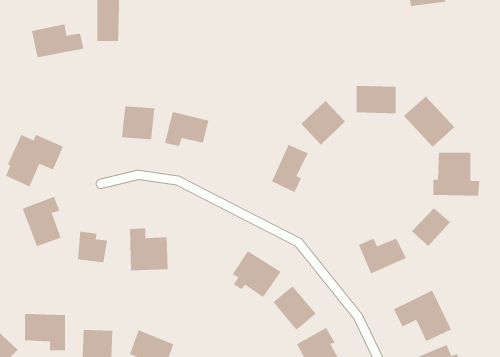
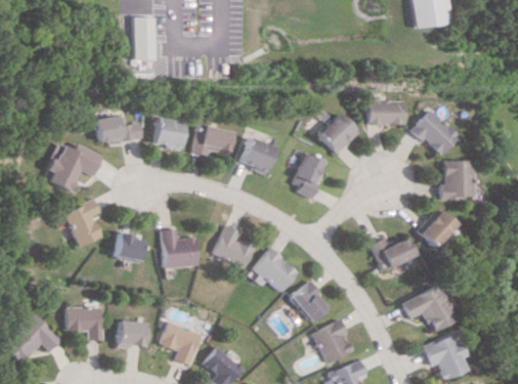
building: [31,24,84,58] -> [94,115,142,145]
building: none -> [239,137,274,174]
building: none -> [214,225,255,267]

